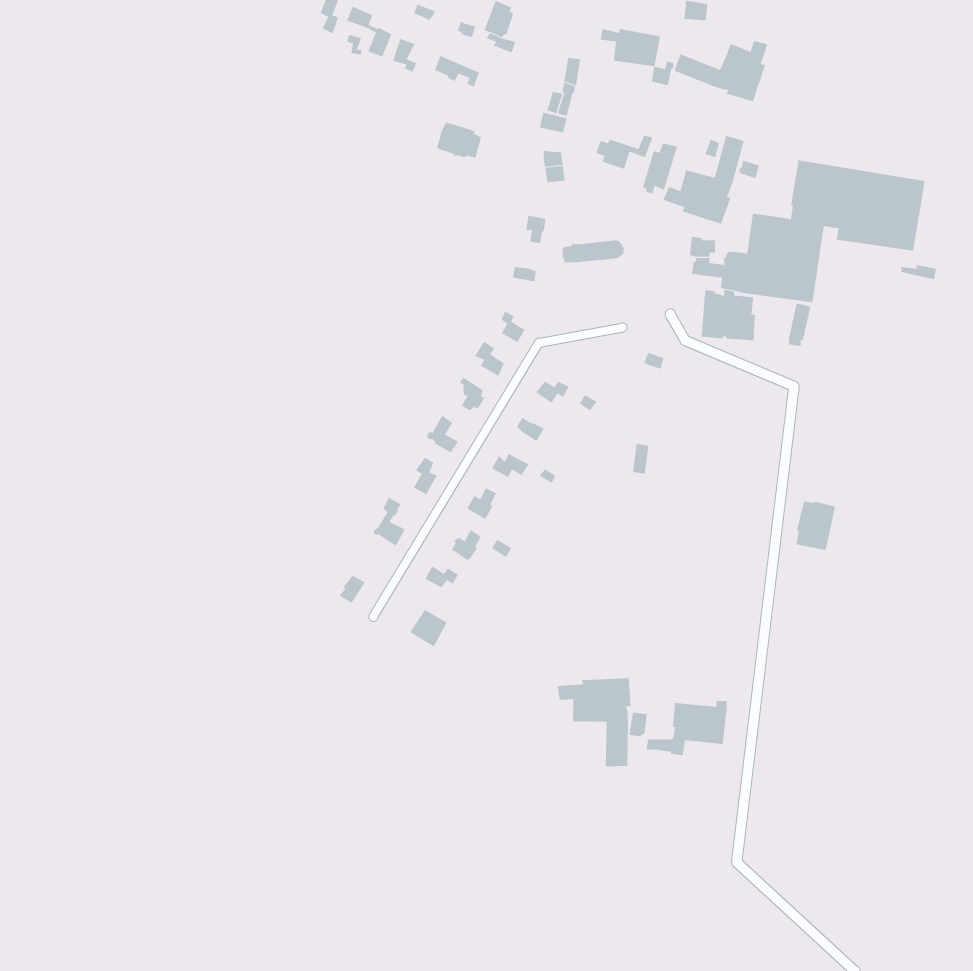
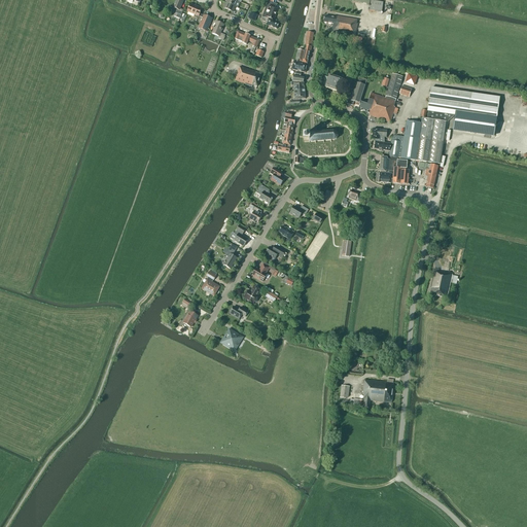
building: [674,40,768,102] -> none
building: [557,677,631,767] -> none

